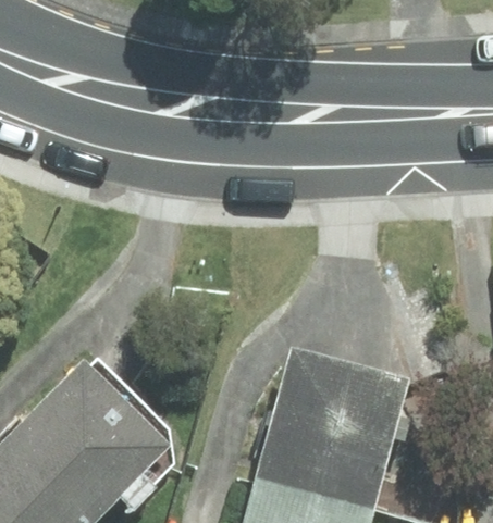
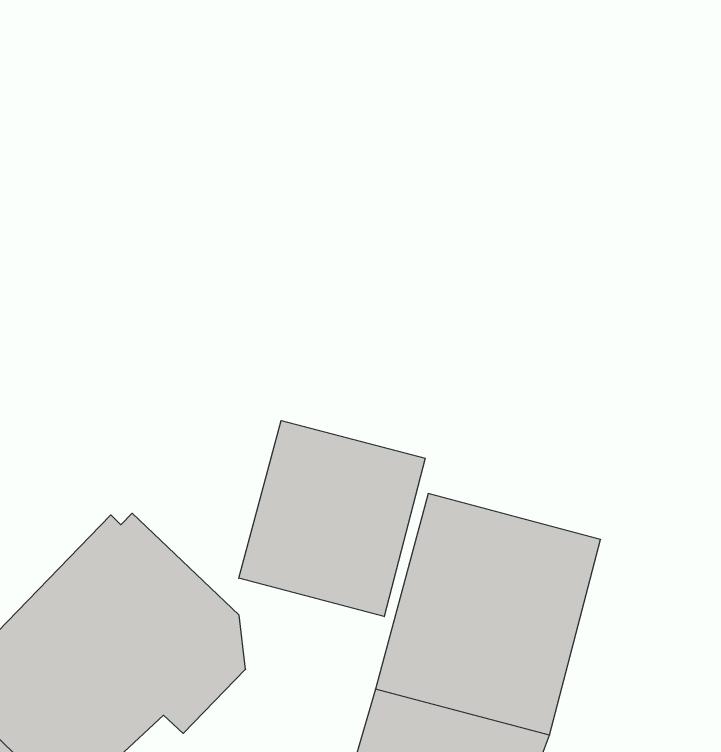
building: none -> [239,421,425,617]

